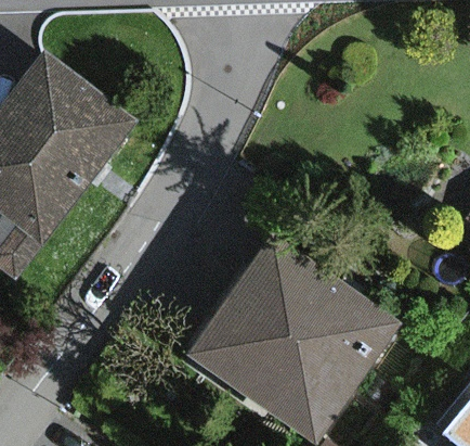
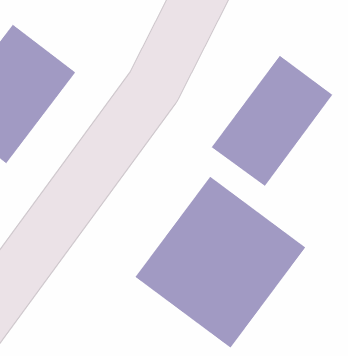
building: none -> [211,55,333,187]

